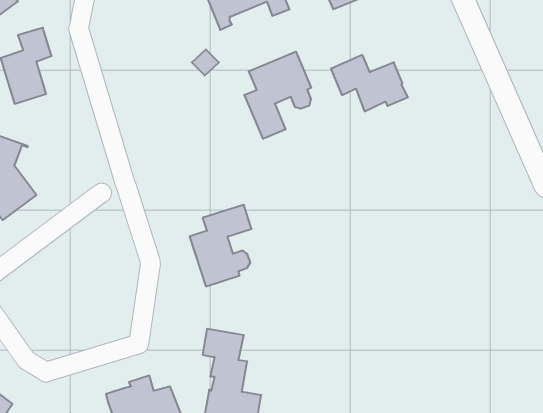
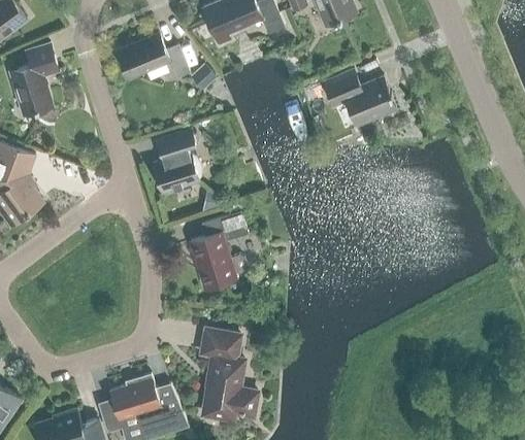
building: none -> [118,35,189,78]
building: [244,52,311,139] -> none
building: none -> [153,130,201,194]

